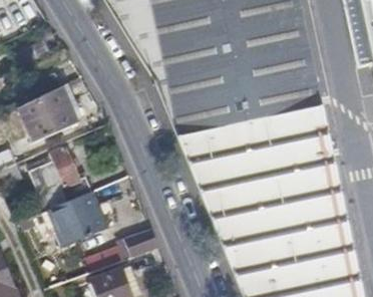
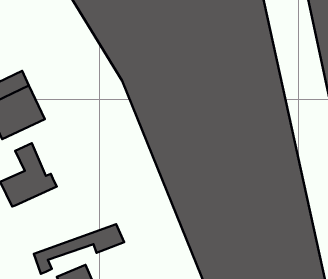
building: [48,190,105,244] -> none

